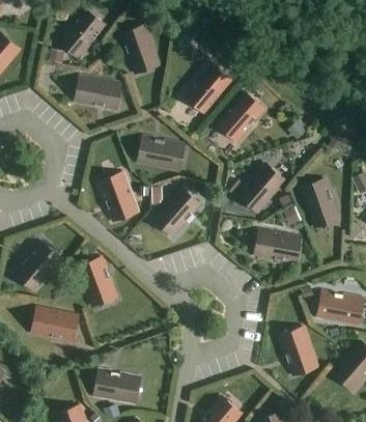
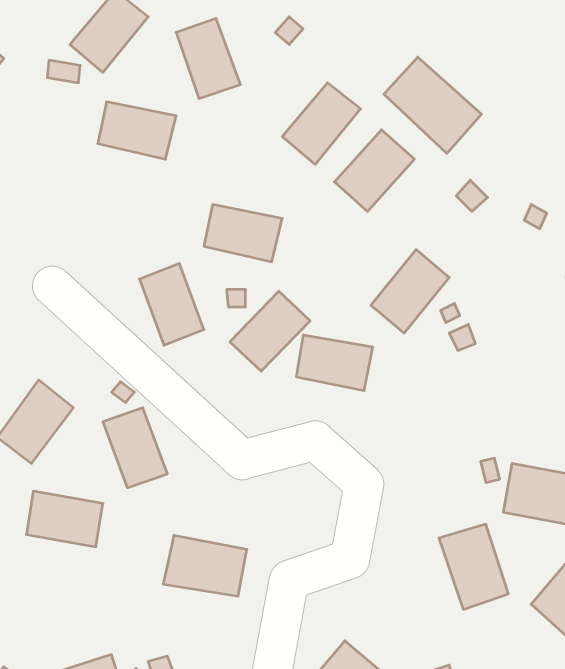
building: none -> [384,57,481,153]
building: [301,178,340,227] -> none
building: [255,228,301,261] -> [296,335,373,391]
building: [92,368,142,404] -> [163,535,247,596]

